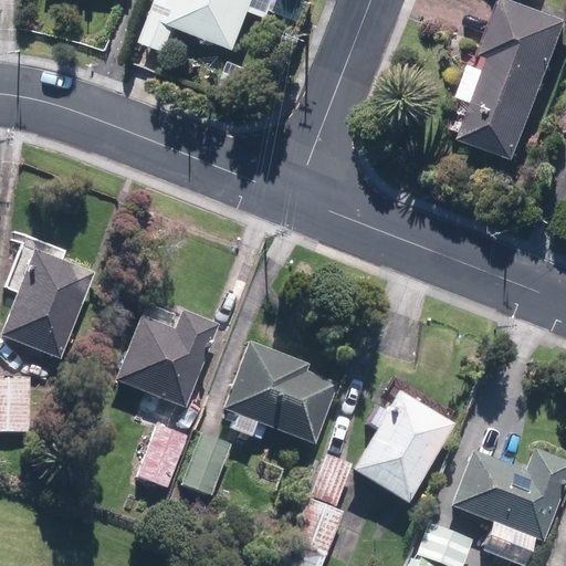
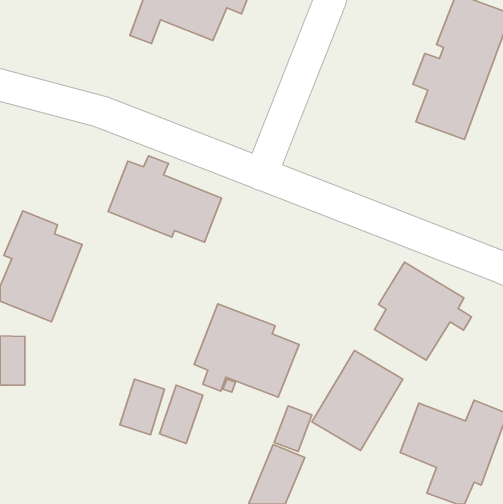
building: none -> [108,156,222,242]
building: none -> [374,262,471,360]
building: [114,310,217,408] -> none

